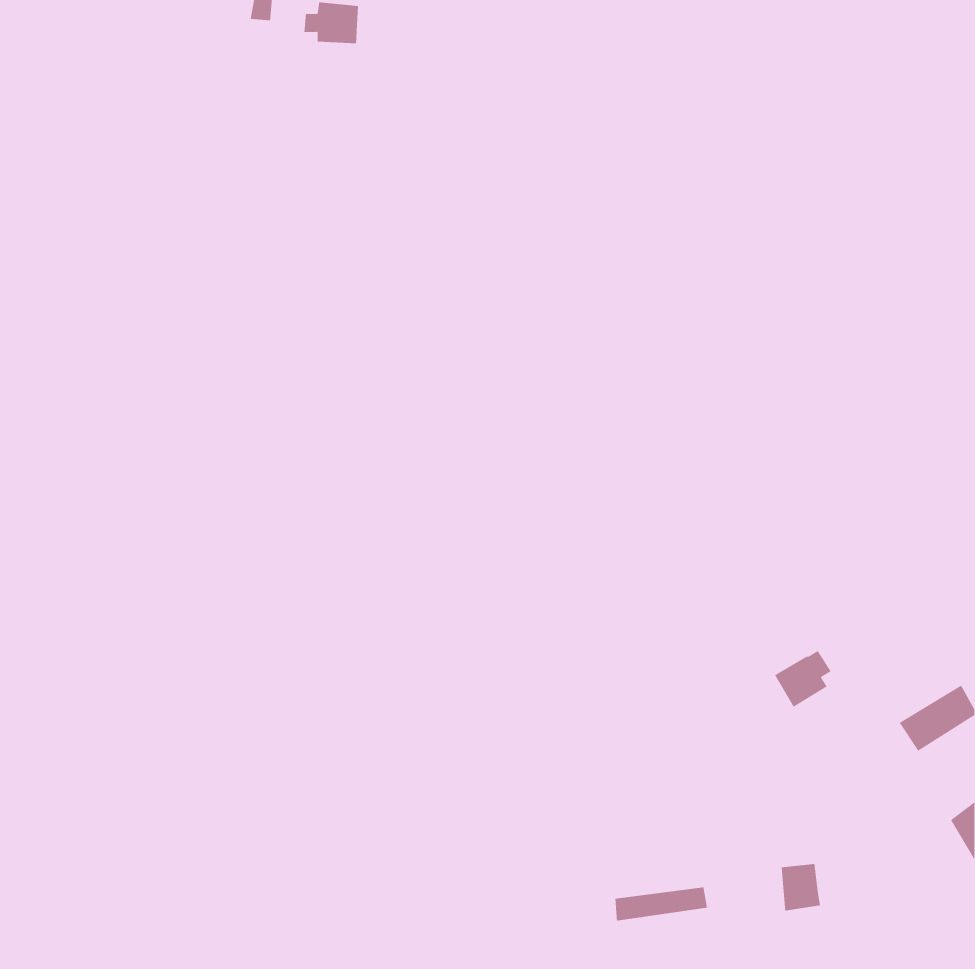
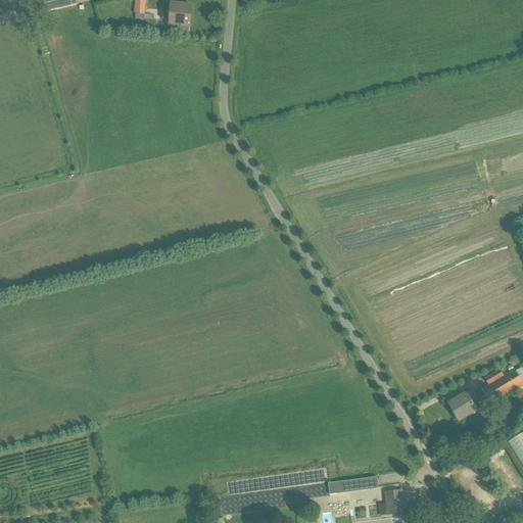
building: [774,650,831,708] -> [448,388,479,419]
building: [781,863,821,911] -> [384,487,406,513]

